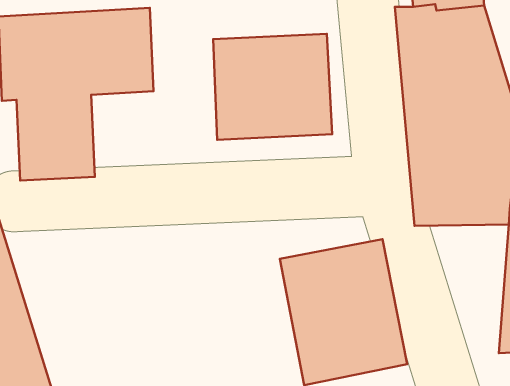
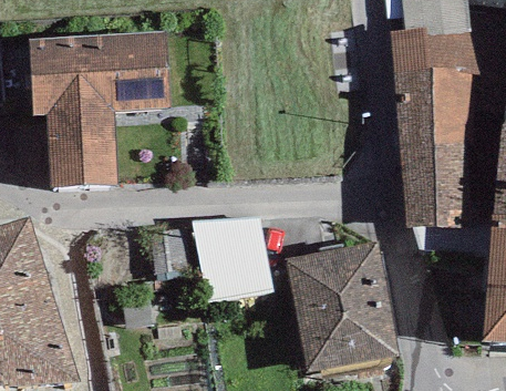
building: [213,34,332,140] -> none
building: none -> [192,218,275,303]

